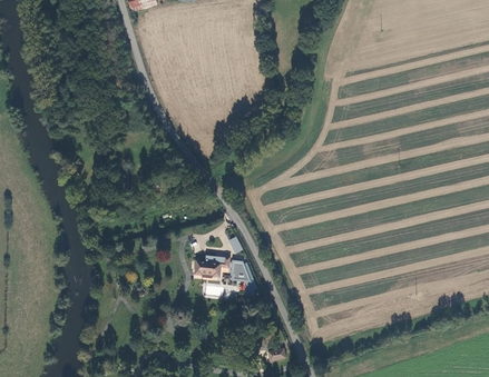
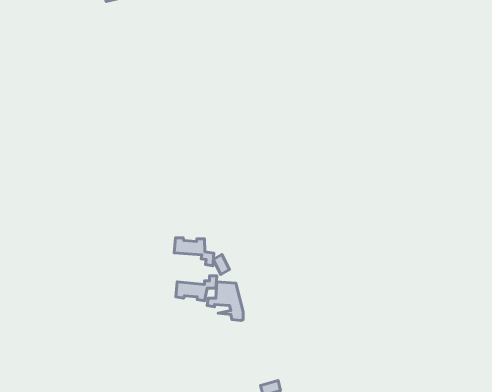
building: none -> [174,238,214,266]

